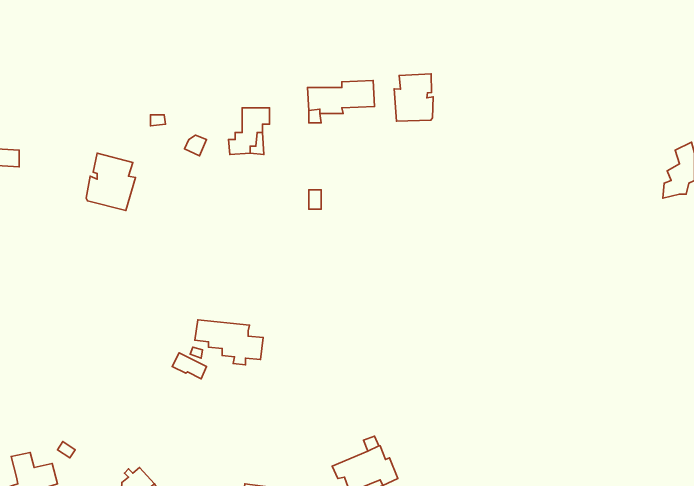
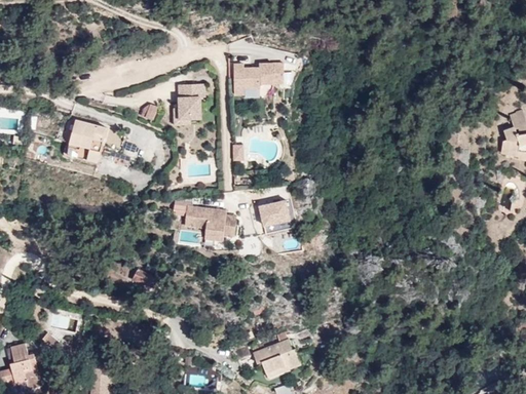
building: [394,74,433,121] -> none
building: none -> [258,200,290,226]
building: [195,320,263,365] -> [184,206,235,240]

